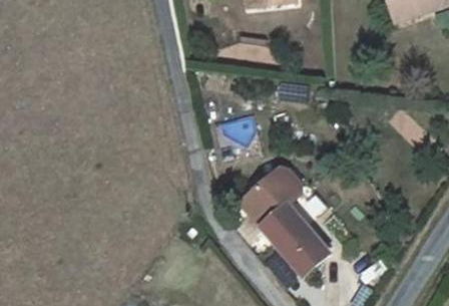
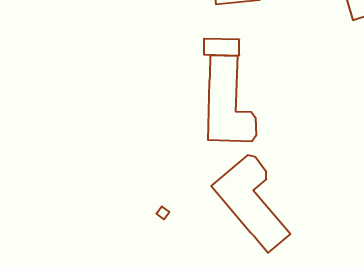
building: none -> [208,55,256,141]

